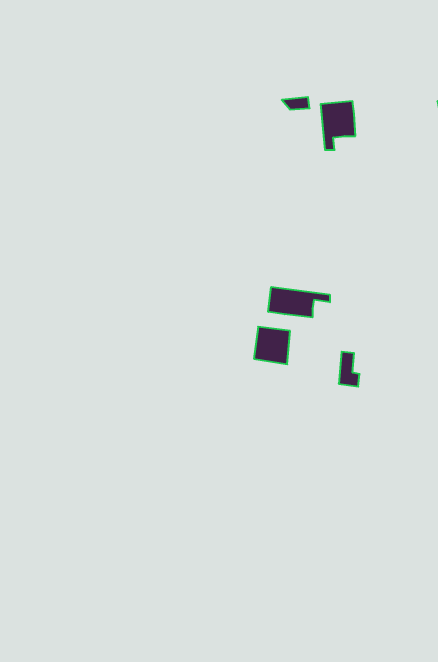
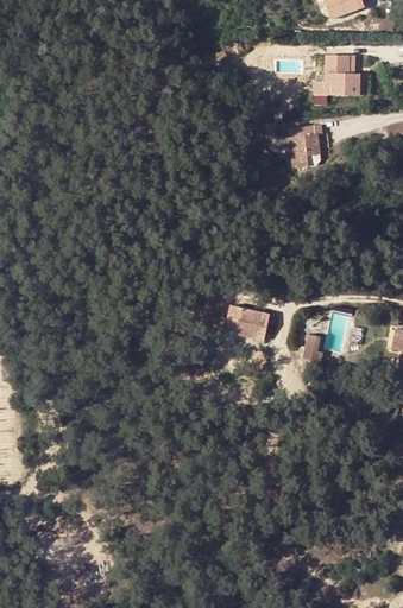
building: none -> [313,55,363,96]
building: [268,287,330,317] -> none

